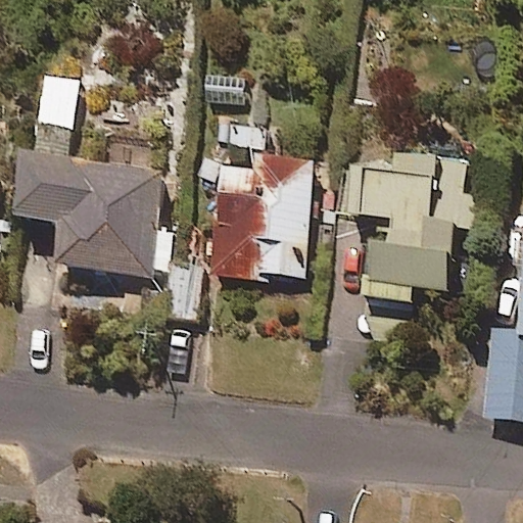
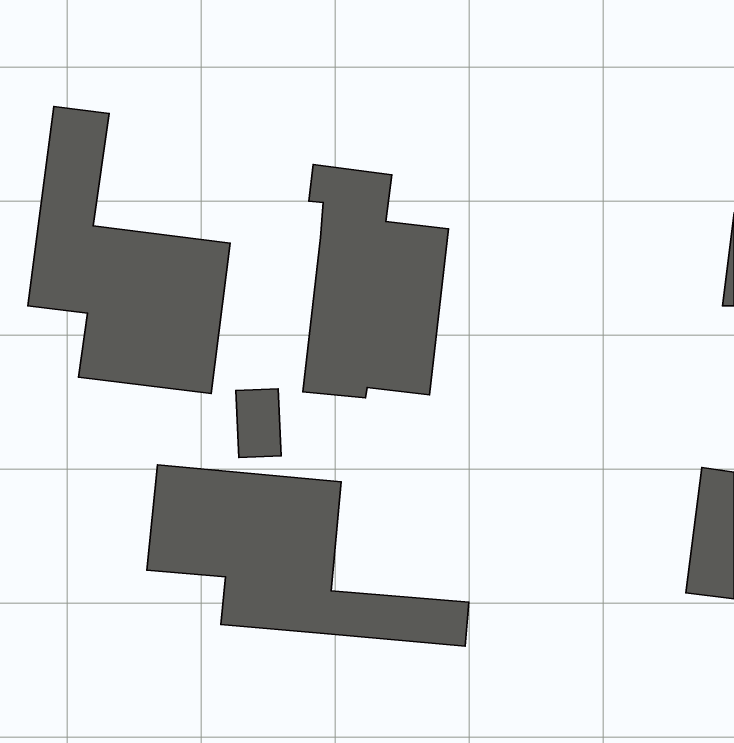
building: [350,150,481,300] -> none
building: none -> [147,465,469,646]

